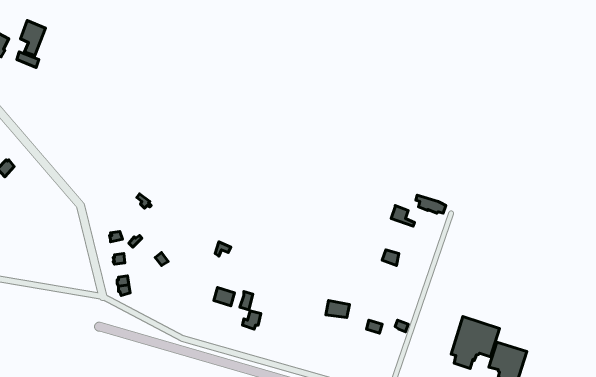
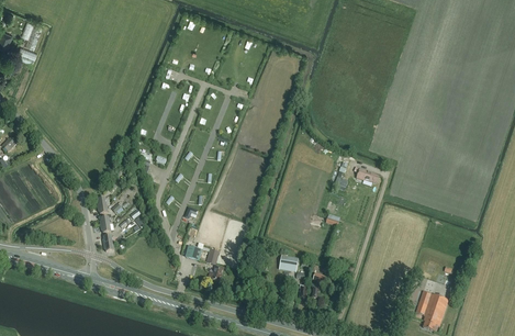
building: [451,317,500,369] -> none

